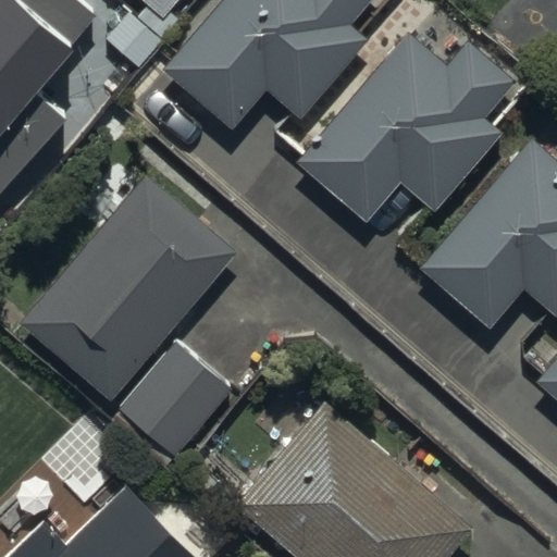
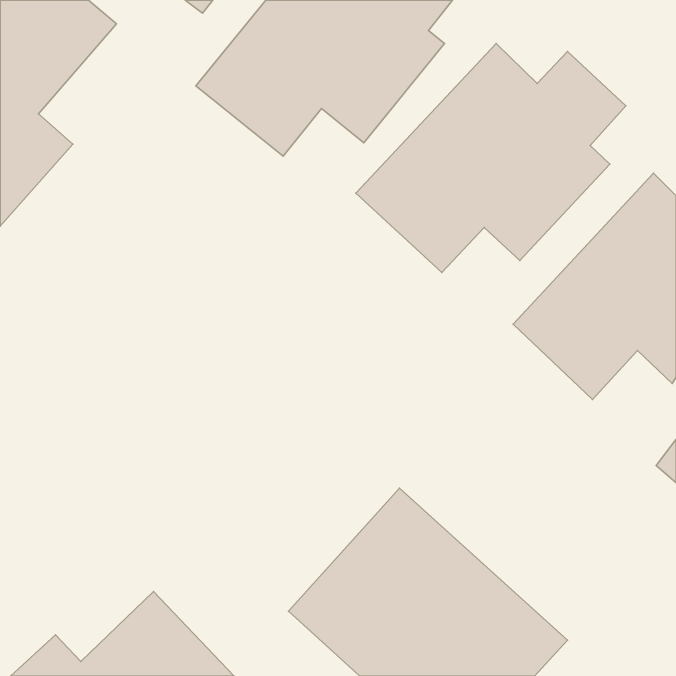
building: [22,180,235,399] -> none
building: [116,342,233,459] -> none

